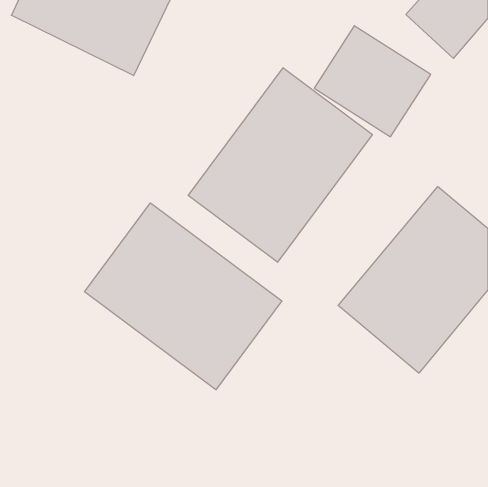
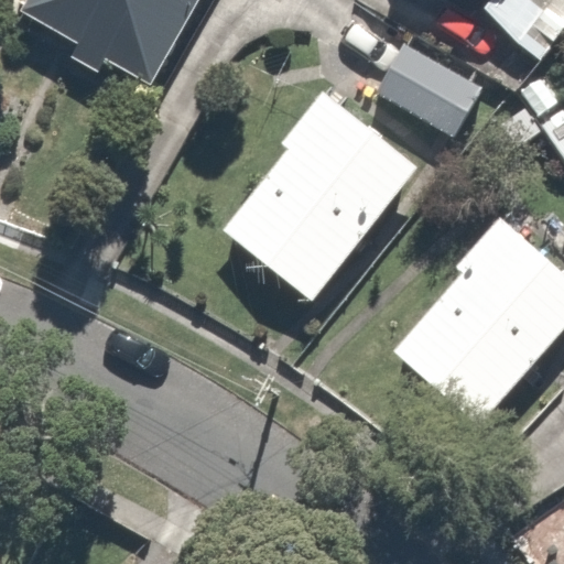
building: [85,203,282,390] -> none

